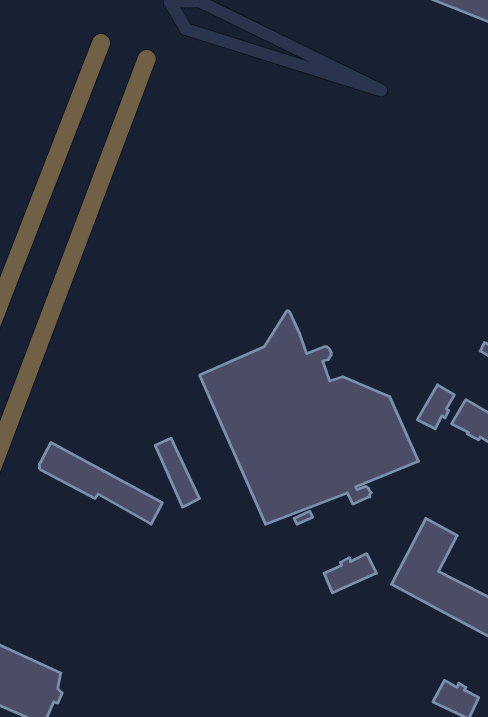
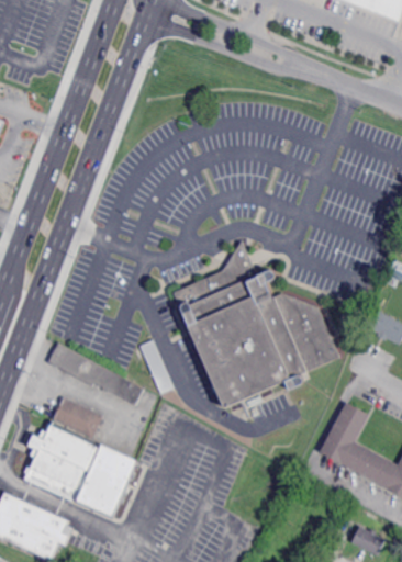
building: [417,385,454,429] -> none
building: none -> [25,396,133,516]
building: [324,554,377,593] -> none

